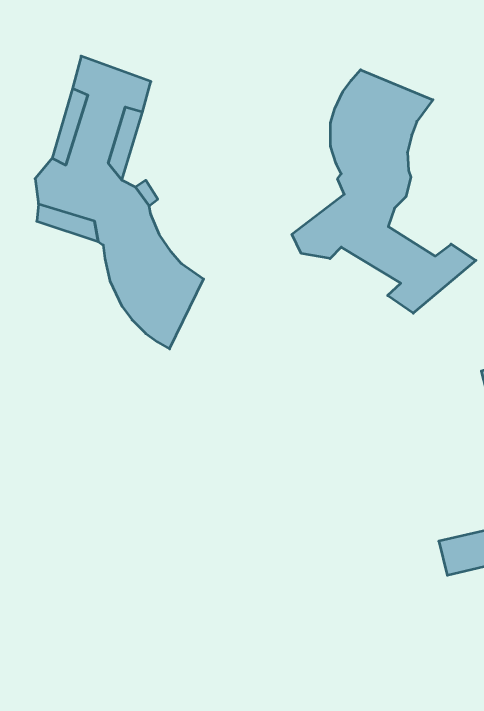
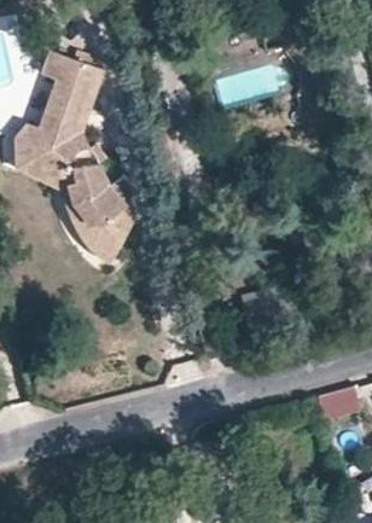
building: [292,70,476,313] -> none

